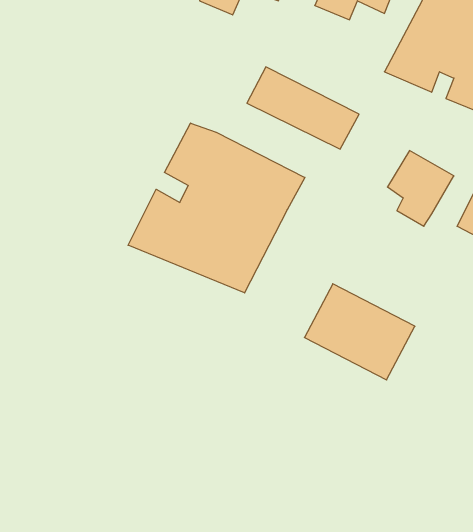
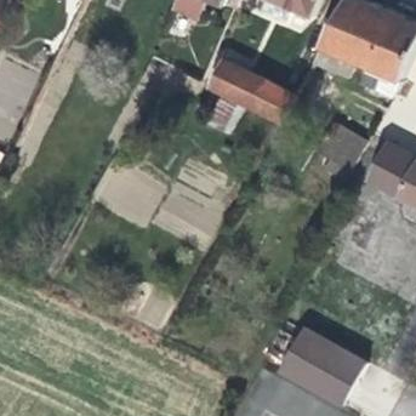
building: [128,123,305,293] -> none
building: [304,284,415,380] -> [279,329,364,403]

